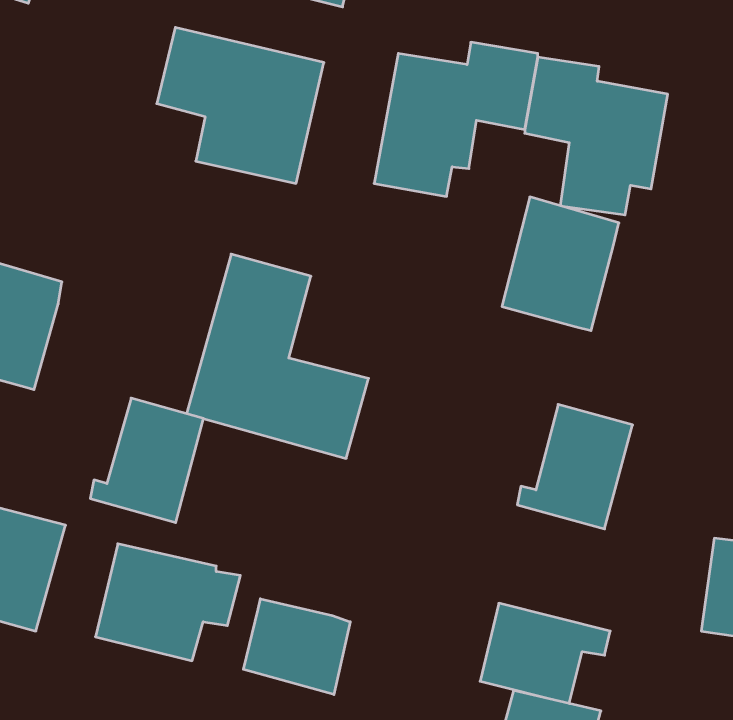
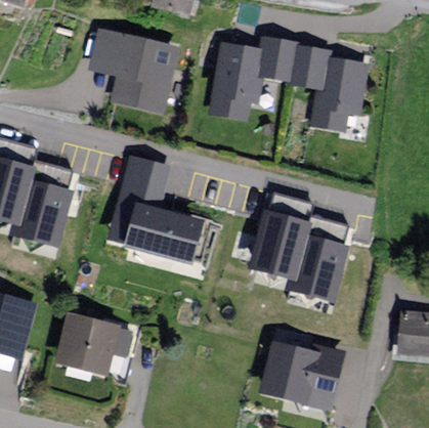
building: [502,197,619,331] -> [249,208,313,282]
building: [90,398,204,523] -> [12,179,75,248]
building: [243,599,350,695] -> none

